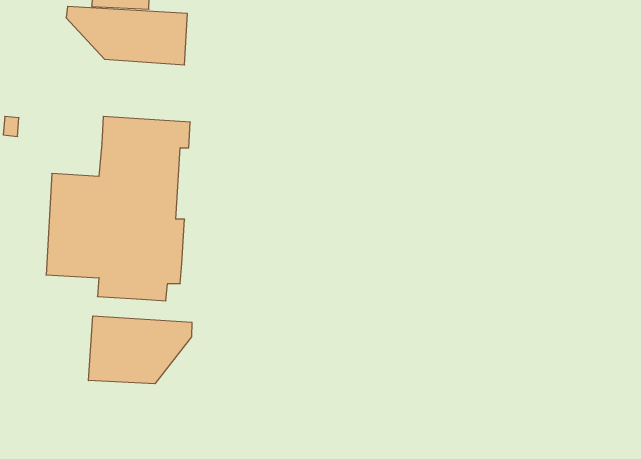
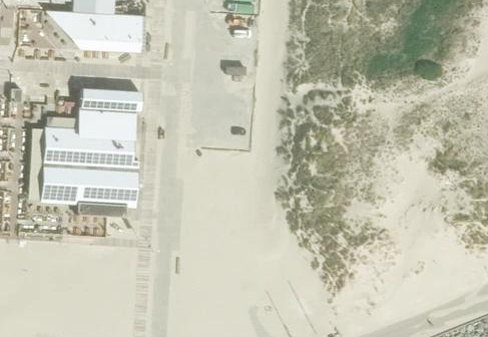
building: [89,316,192,384] -> none

